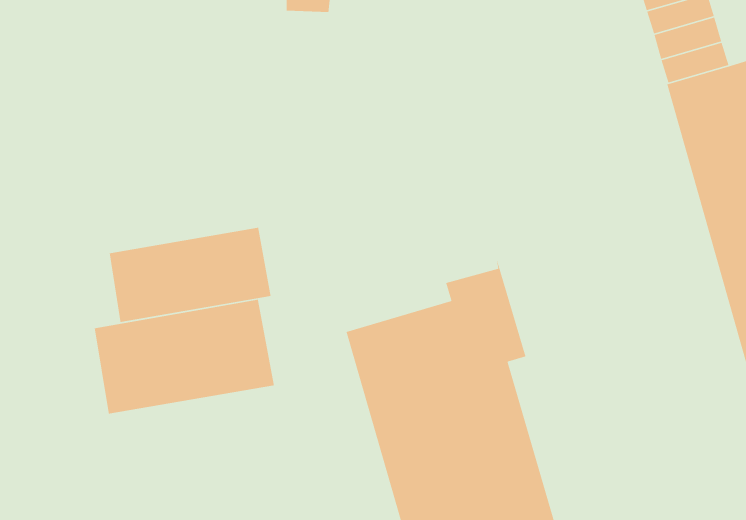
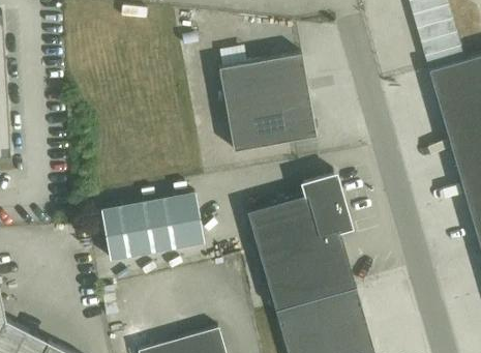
building: none -> [218,52,315,150]
building: [109,227,272,323] -> none

